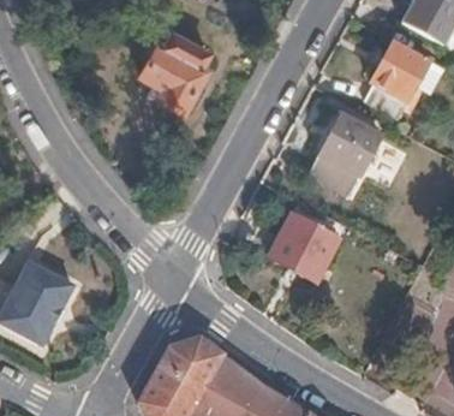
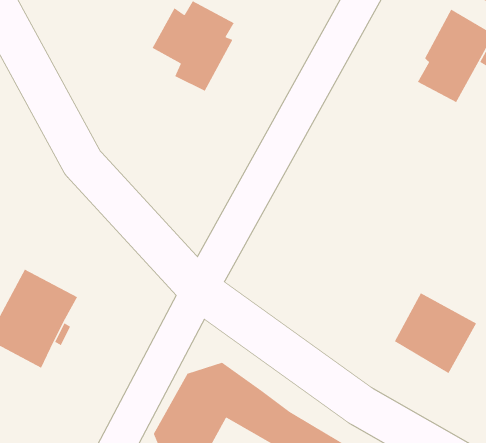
building: [306,112,386,201] -> none
building: [268,213,339,283] -> [394,292,477,374]

